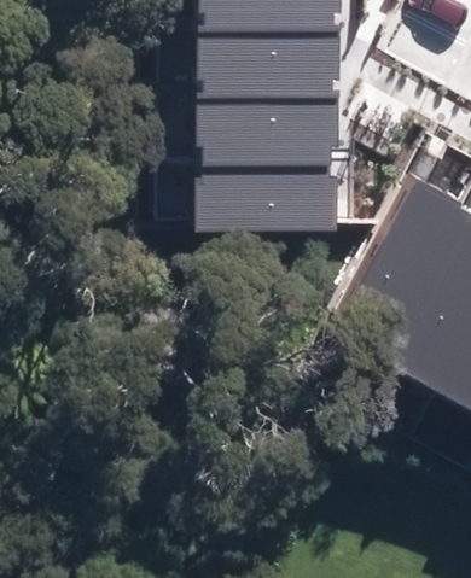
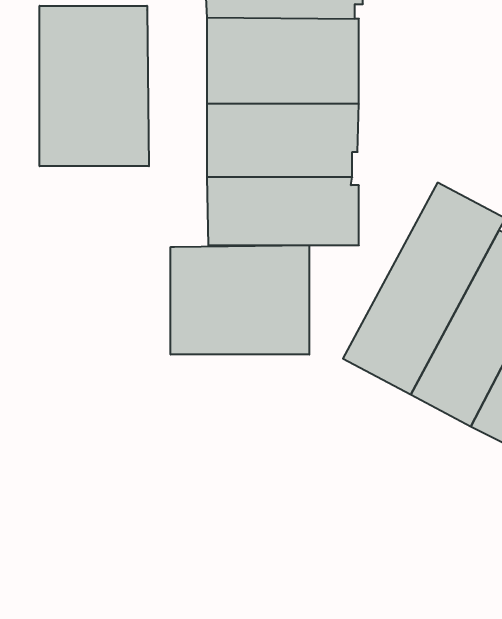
building: none -> [40,6,149,166]
building: none -> [171,245,309,355]

